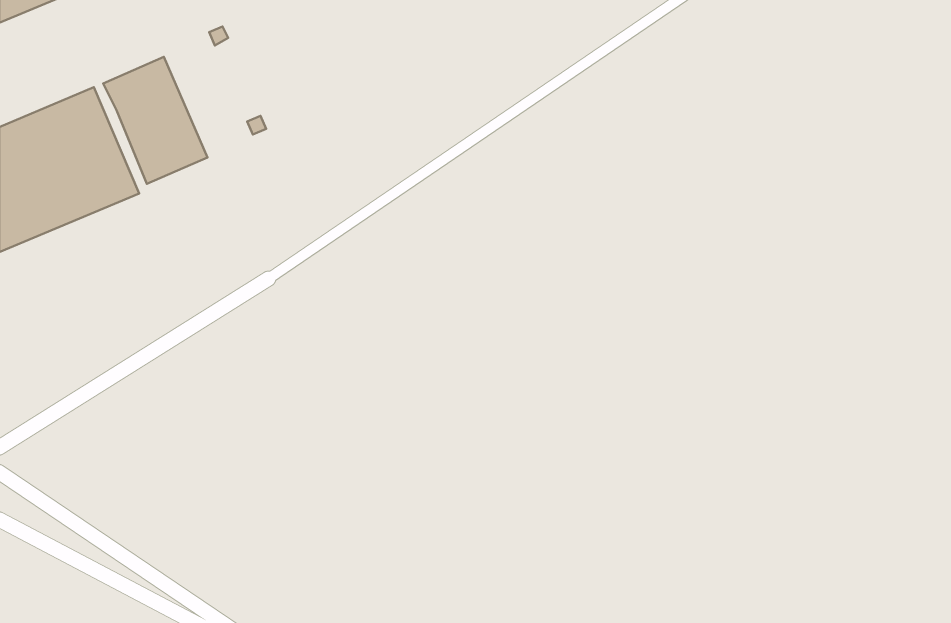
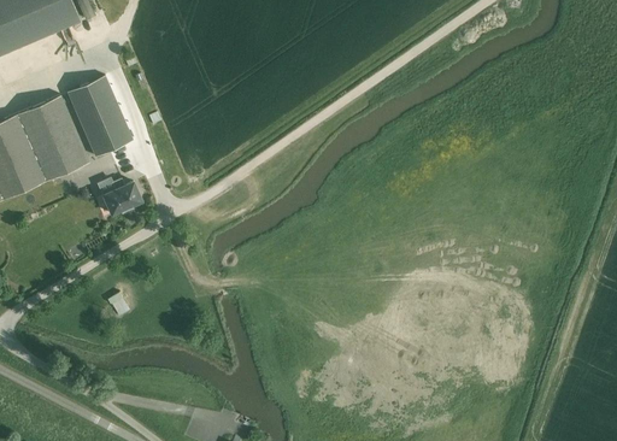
building: none -> [95,177,141,218]

